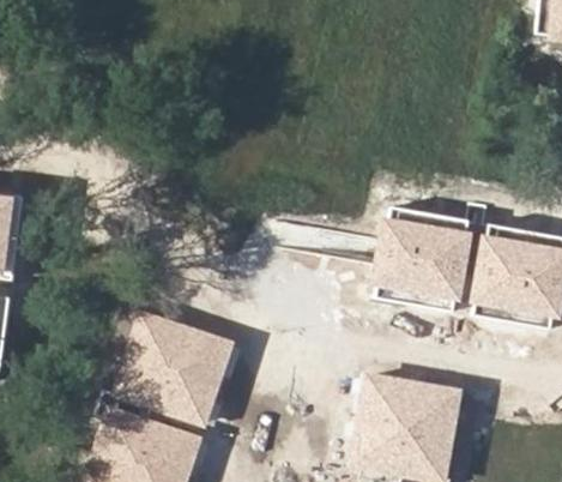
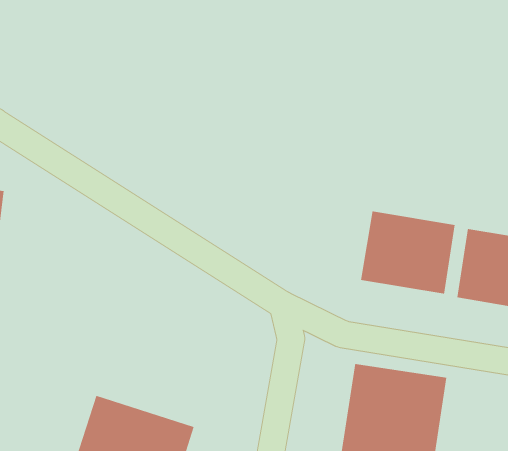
building: [104,307,234,427] -> none

